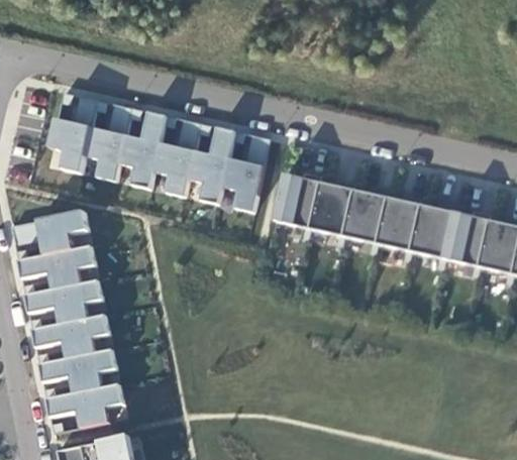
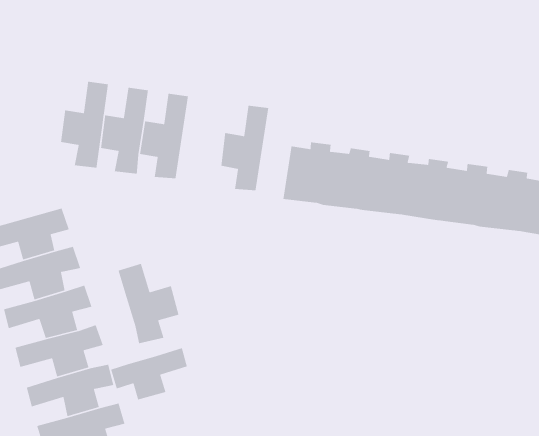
building: [51,96,99,171] -> none
building: [190,127,236,204] -> none
building: none -> [118,263,179,344]
building: none -> [110,347,188,401]

